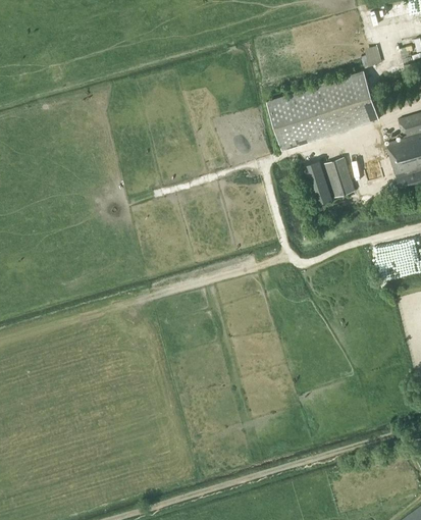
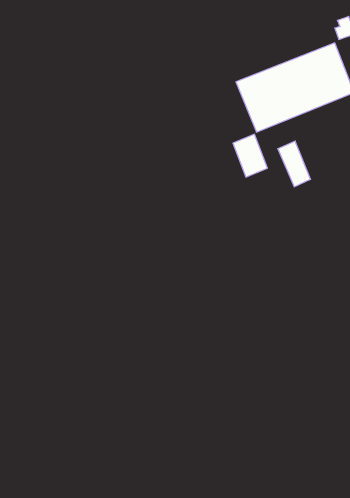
building: [323,157,355,198] -> [233,134,267,177]

